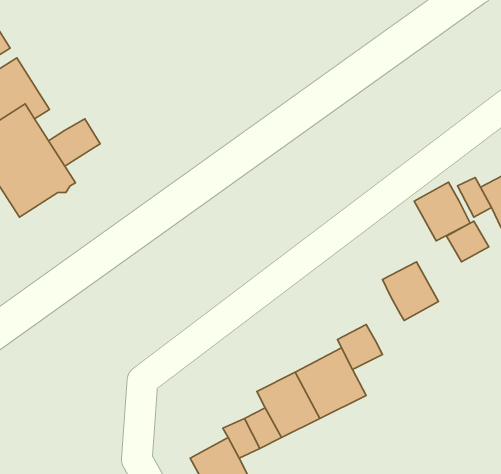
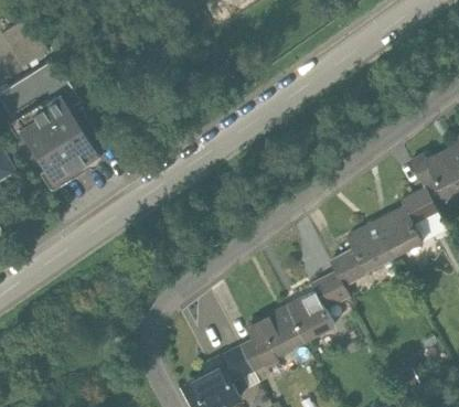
building: [49,119,100,166] -> none
building: [414,182,470,241] -> [376,207,421,255]
building: none -> [330,250,363,287]

